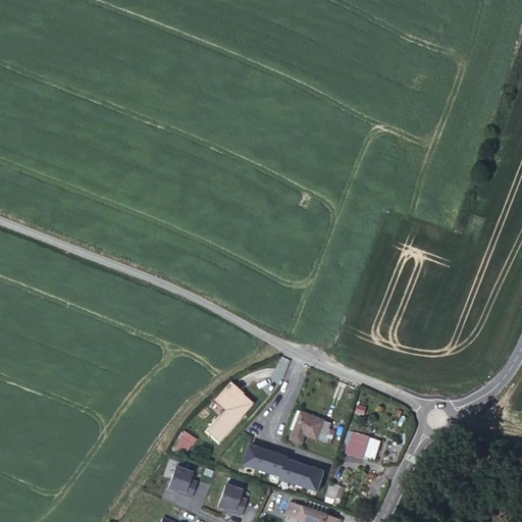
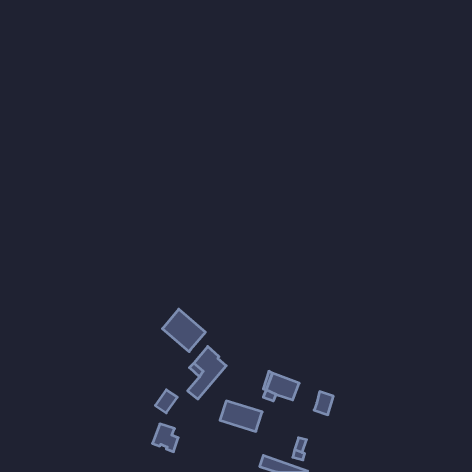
building: none -> [162,309,205,352]
building: [280,457,326,493] -> none
building: [218,486,247,517] -> none

